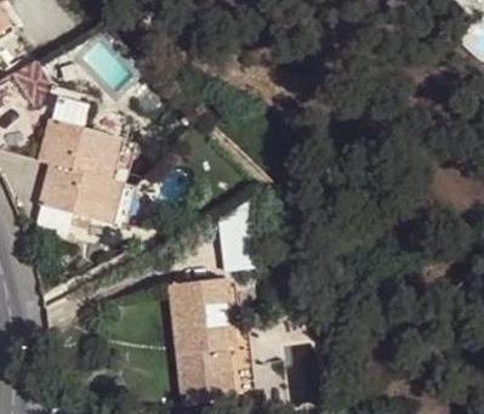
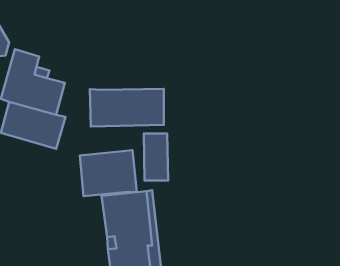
building: none -> [90,89,164,126]
building: none -> [80,150,137,196]

